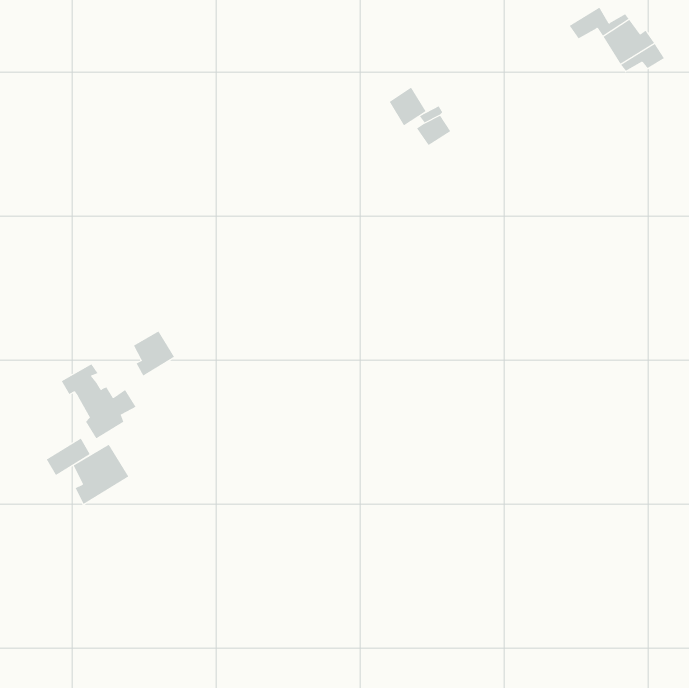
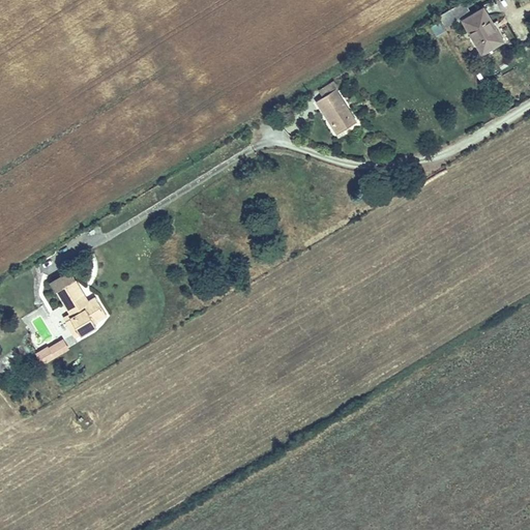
building: [389,87,427,126] -> [329,100,358,130]
building: [133,330,175,377] -> none
building: [73,444,129,505] -> none

